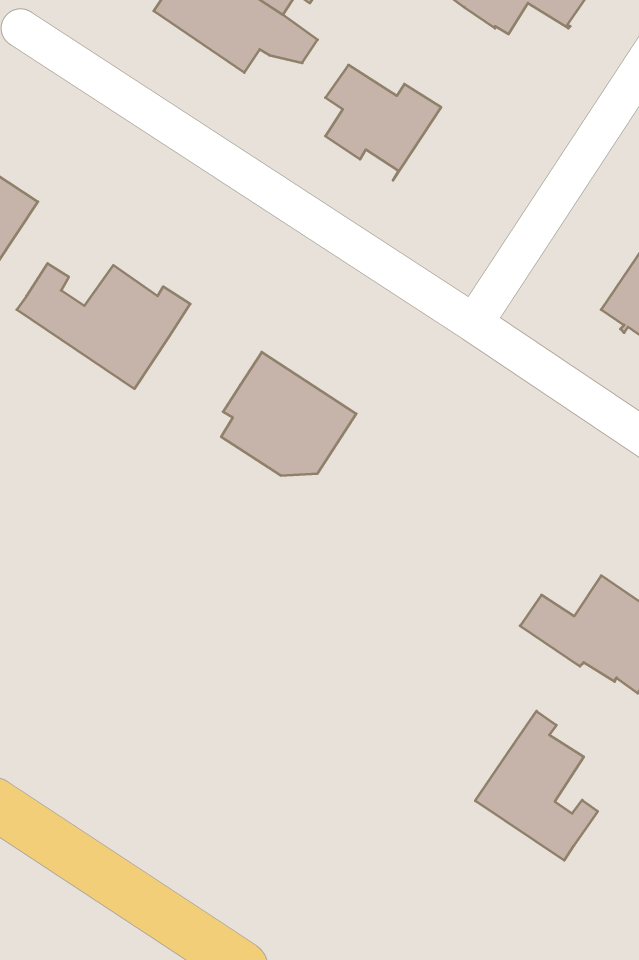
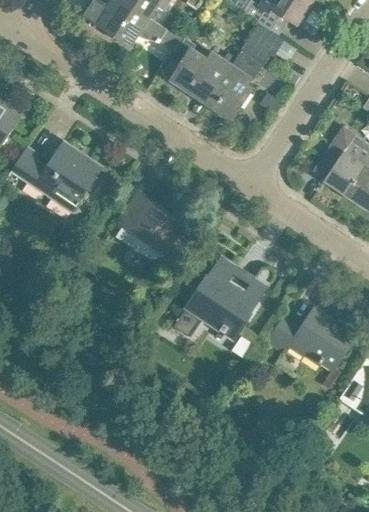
building: none -> [205,23,280,120]
building: none -> [172,259,265,340]
building: [475,711,598,860] -> none

